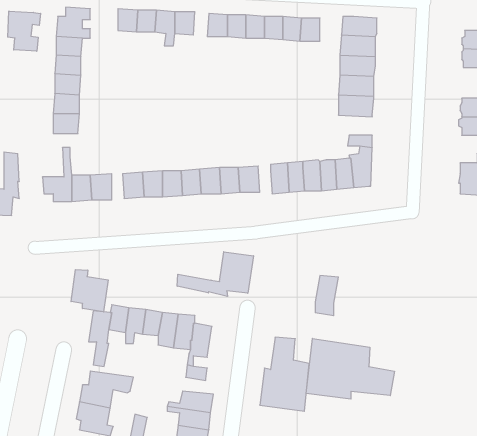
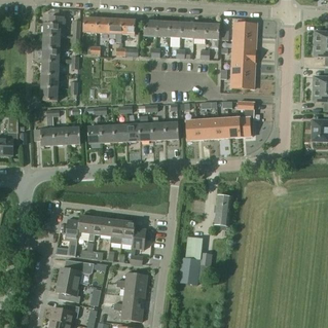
building: [8,11,41,51] -> none
building: [177,252,253,296] -> none
building: [71,270,108,312] -> none
building: [306,338,394,399] -> none

